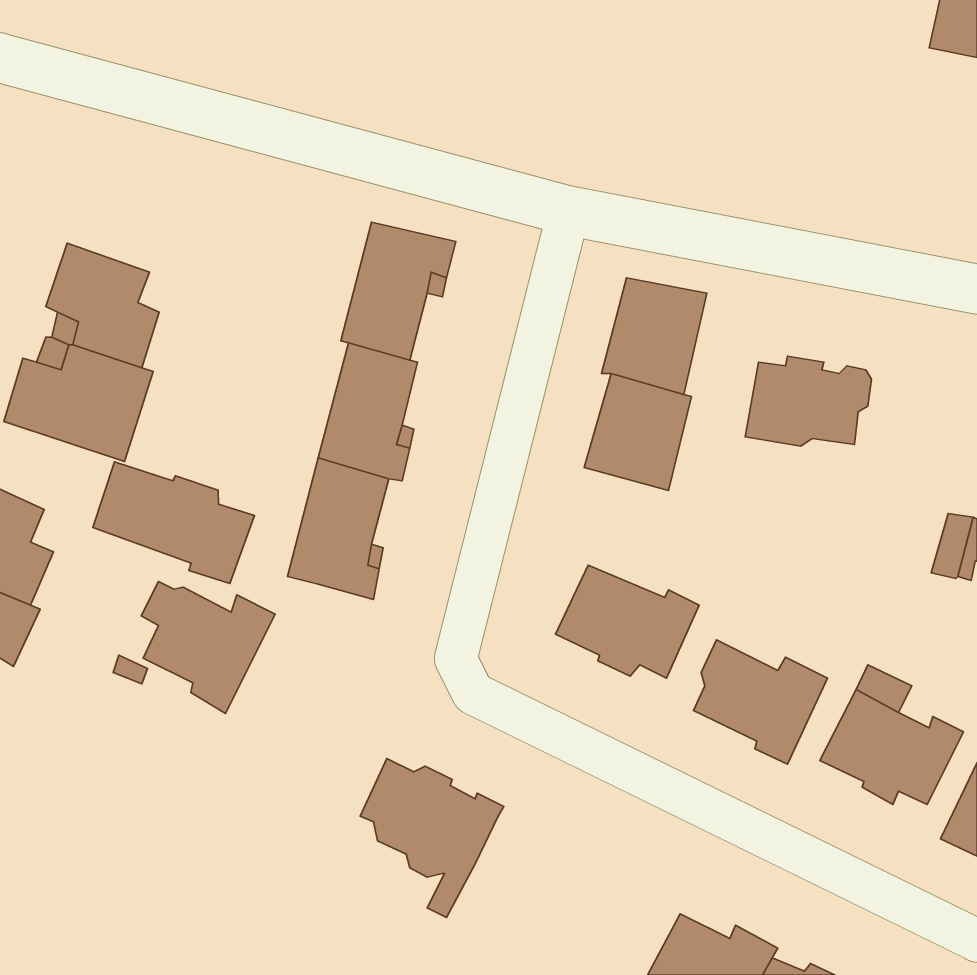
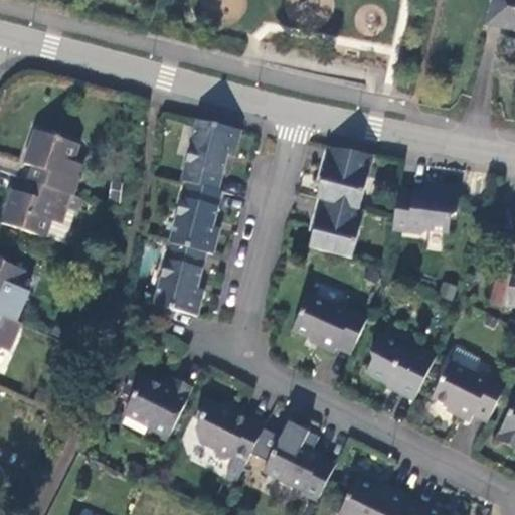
building: [93,462,255,584] -> none
building: [141,581,275,714] -> [122,372,192,442]
building: none -> [249,421,334,502]

